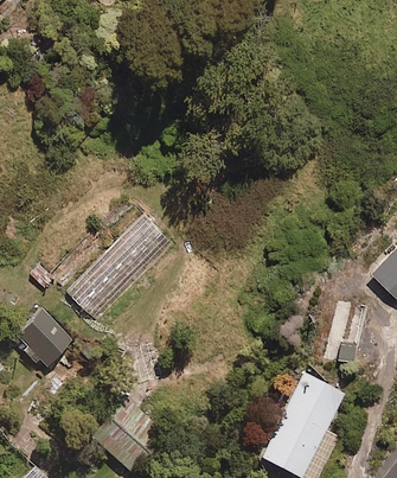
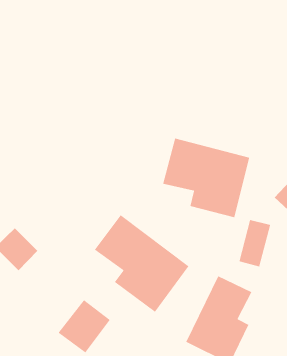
building: none -> [162,137,250,218]
building: none -> [94,214,190,313]

